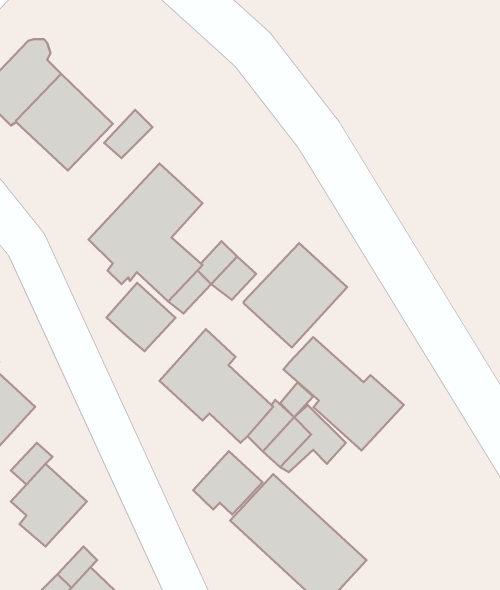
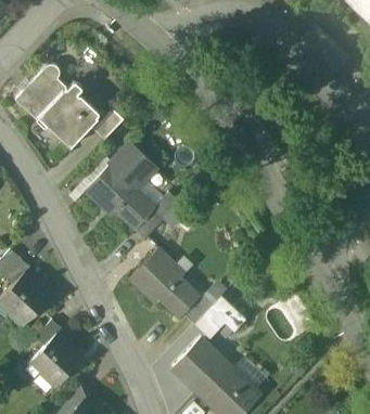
building: [244,243,347,348] -> none
building: [106,283,175,351] -> none
building: [284,337,404,451] -> none
building: [193,451,262,515] -> none

